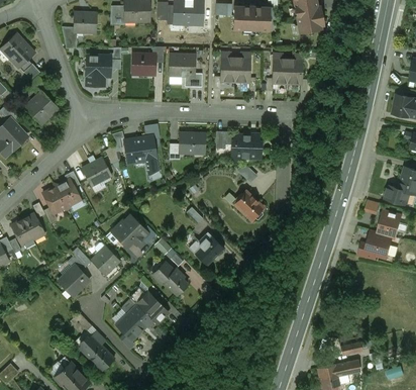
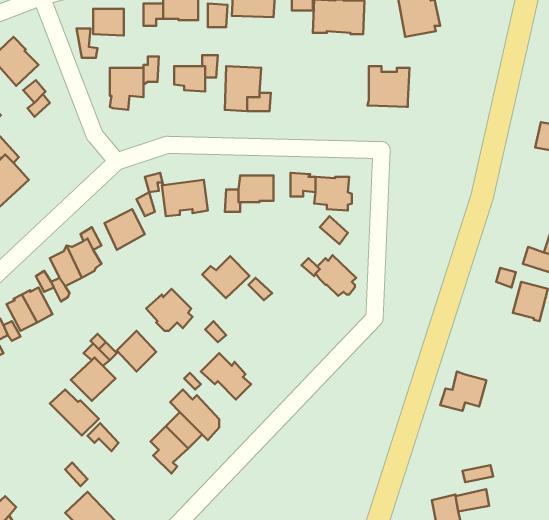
building: [220,53,249,82] -> none
building: [25,92,57,123] -> none
building: [358,230,392,259] -> [440,372,486,411]
building: [189,234,223,265] -> [202,256,250,298]
building: [79,337,114,371] -> [50,389,99,436]

